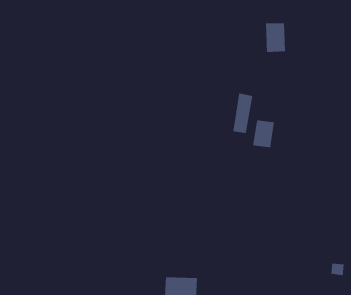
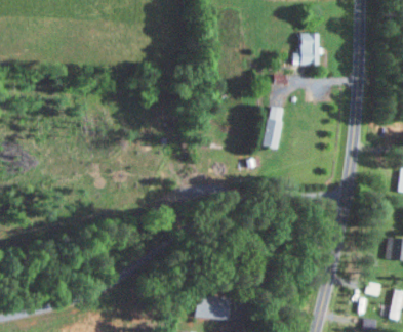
building: [253,120,275,148] -> none

